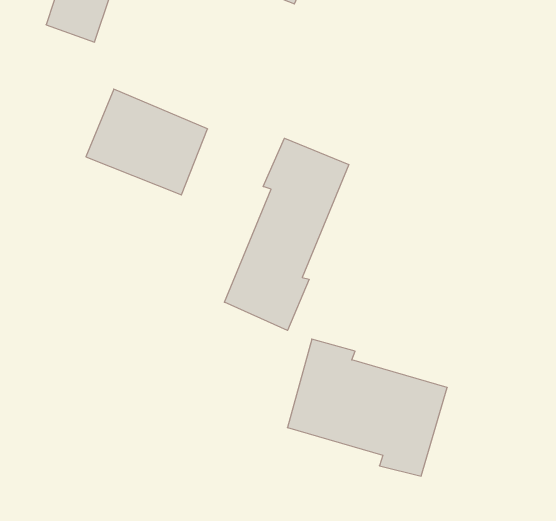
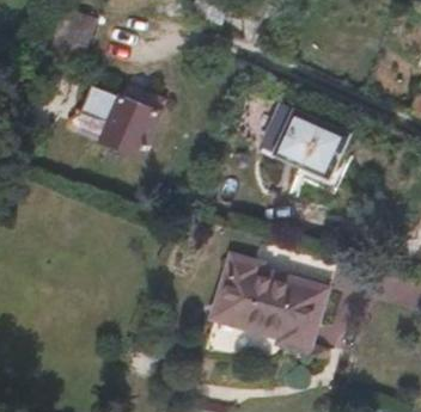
building: none -> [275,110,341,174]
building: [224,138,349,330] -> none

